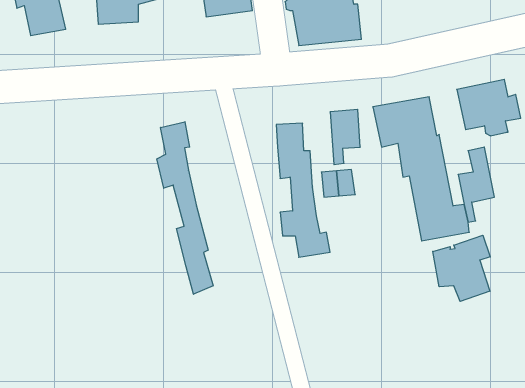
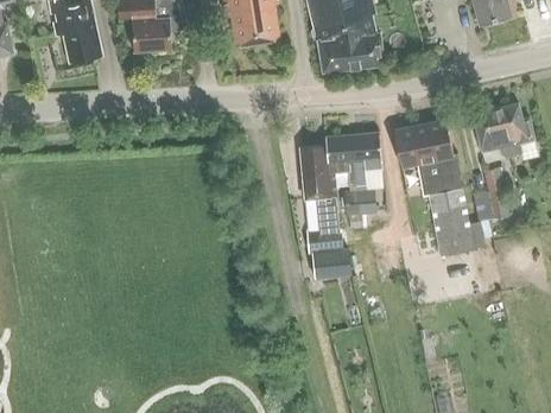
building: none -> [325,134,356,184]
building: [157,122,213,294] -> none
building: [433,235,490,301] -> none

